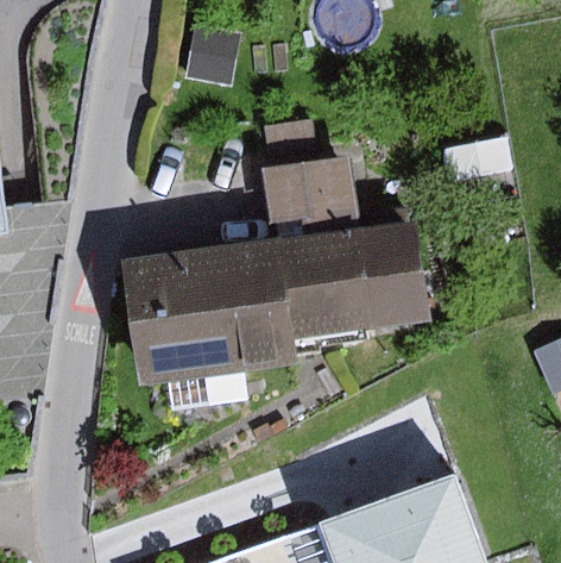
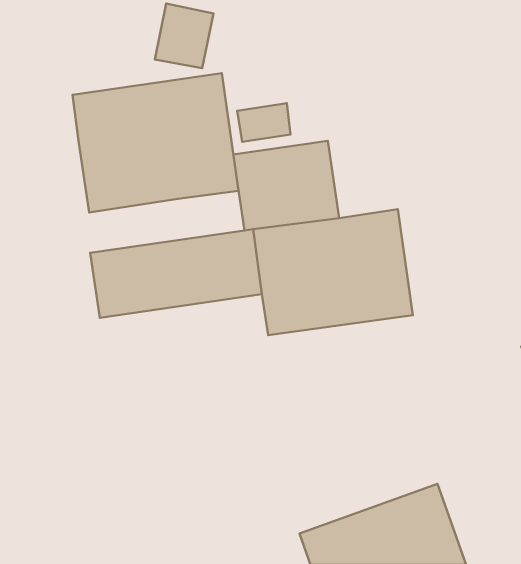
building: none -> [72,73,238,213]
building: [131,300,294,408] -> none

